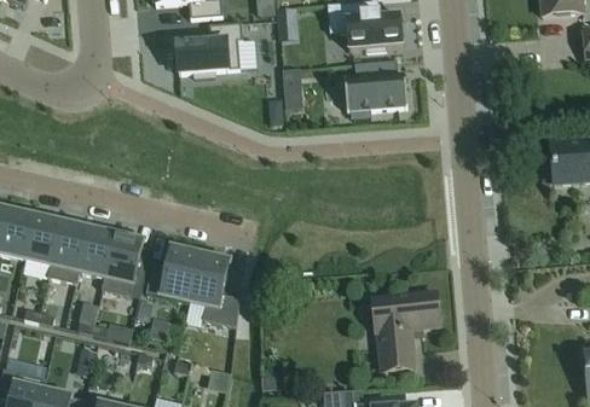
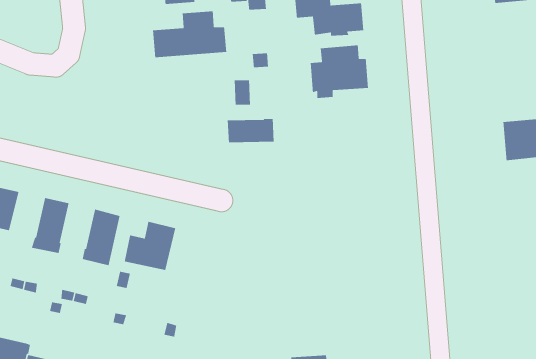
building: none -> [227,118,275,143]
building: [23,215,60,263] -> none
building: [77,227,114,275] -> none
building: [190,254,238,326] -> none
building: [371,291,439,370] -> none

